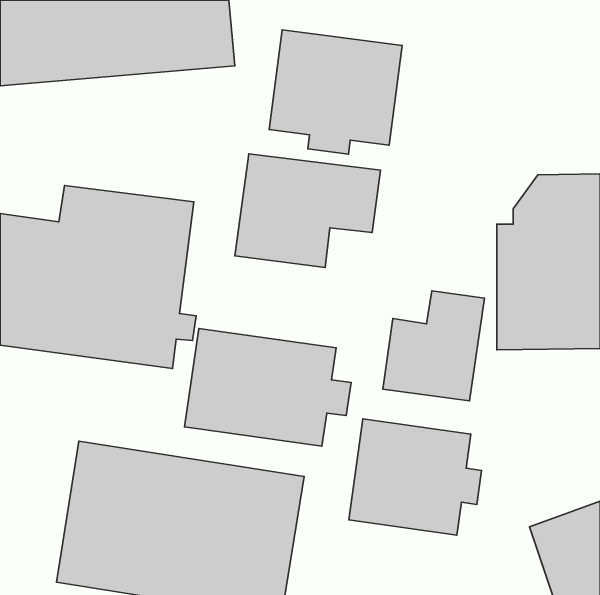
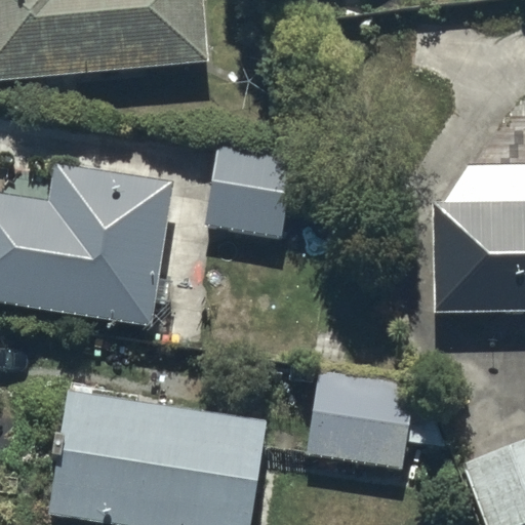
building: [269,30,402,154] -> none
building: [383,291,485,401] -> none
building: [185,328,351,446] -> none

